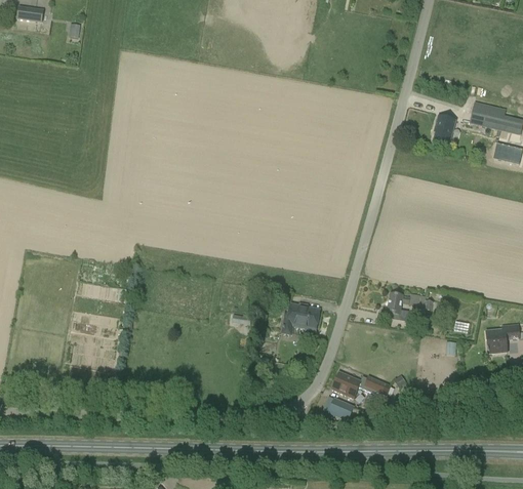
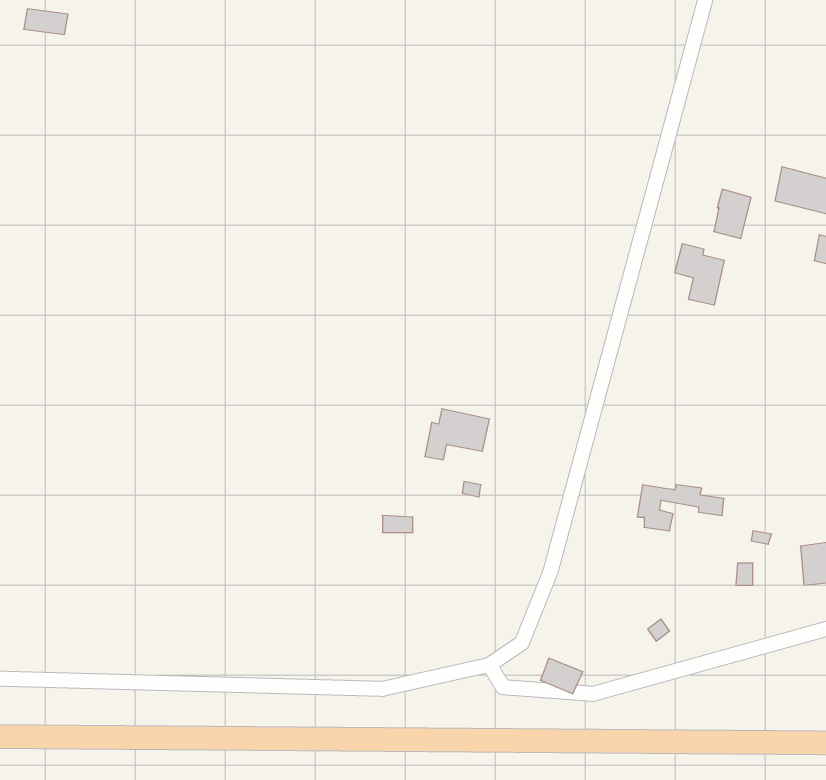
building: none -> [675,244,724,305]
building: [280,303,319,334] -> [425,409,489,460]
building: [331,371,392,399] -> none

